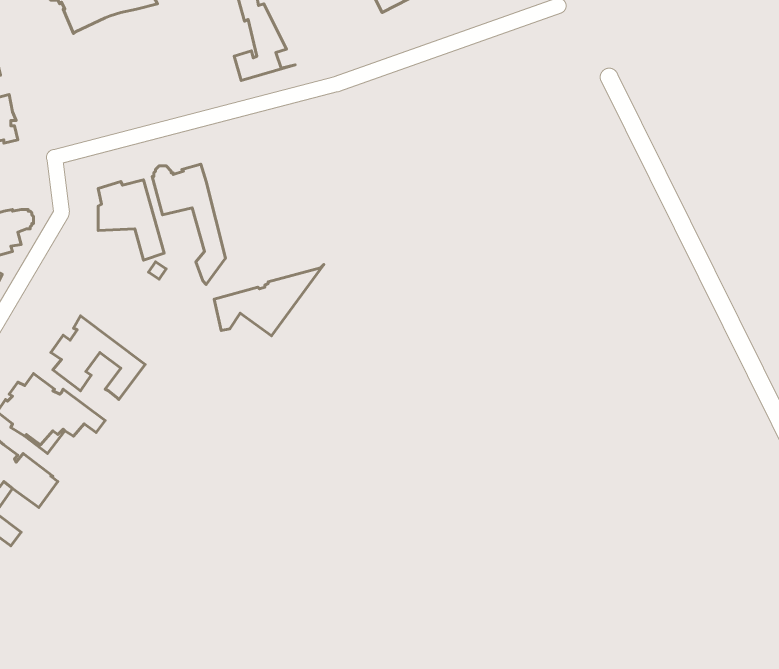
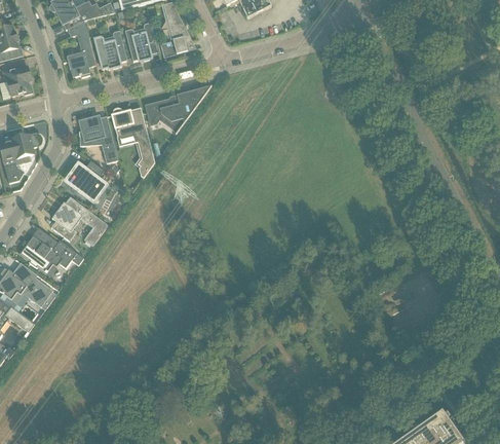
building: none -> [66,20,94,75]
building: none -> [124,22,157,60]
building: none -> [93,29,126,68]
building: none -> [66,159,104,199]
building: [214,264,324,336] -> [146,84,210,126]

